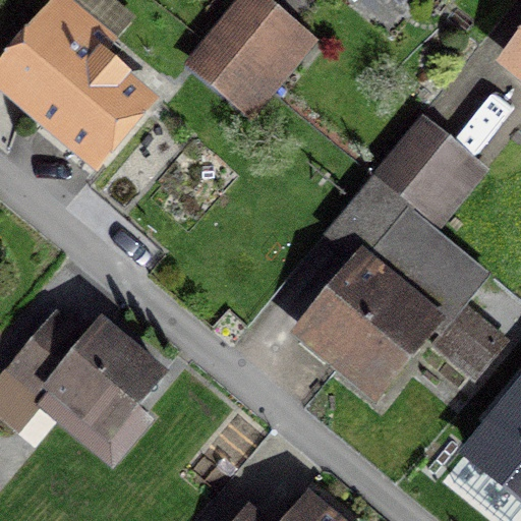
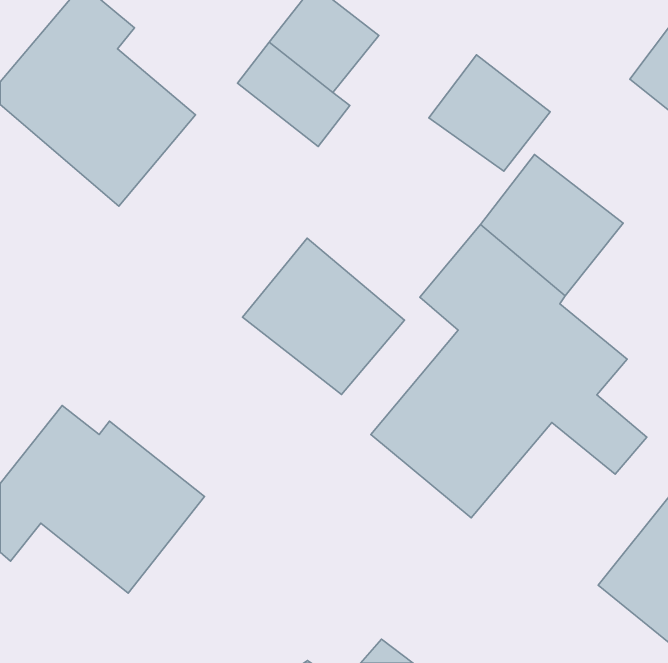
building: none -> [429,55,550,171]
building: none -> [242,238,404,394]

